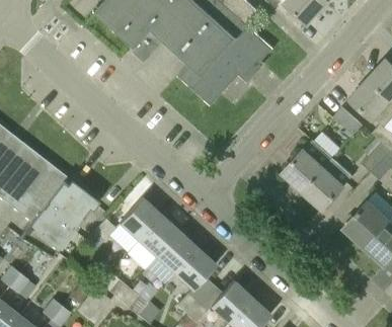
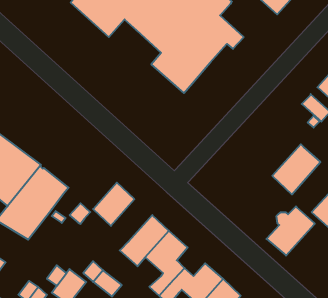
building: [283,140,332,190] -> [266,206,315,256]
building: [127,215,179,269] -> none

